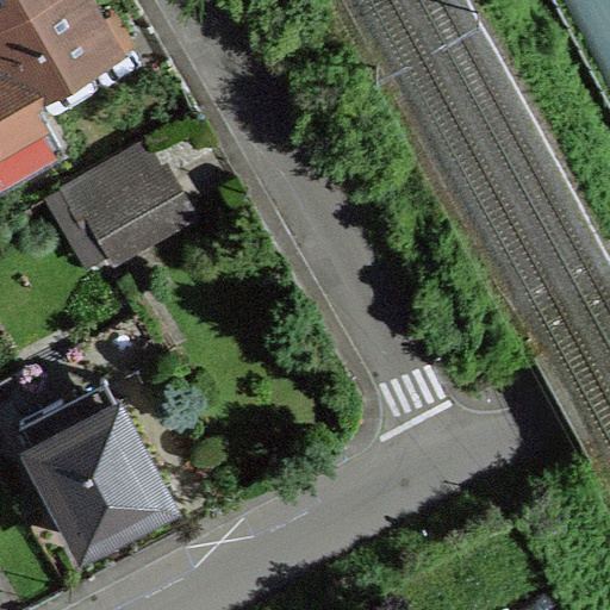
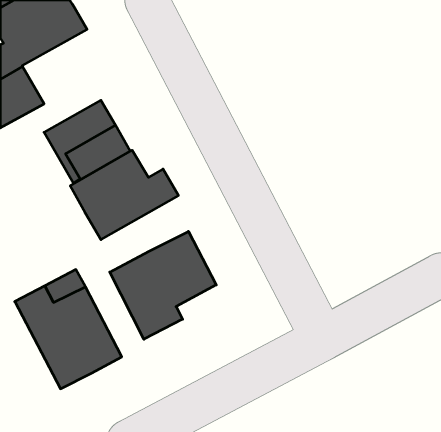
building: none -> [70,150,178,240]
building: none -> [110,231,216,339]

